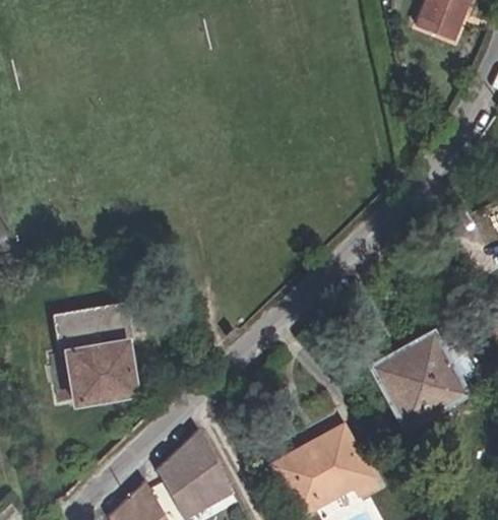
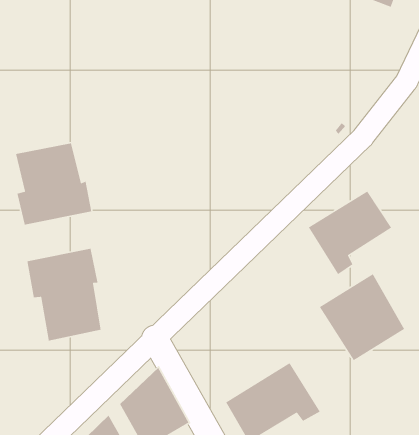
building: none -> [15,142,92,226]
building: none -> [308,190,392,275]

